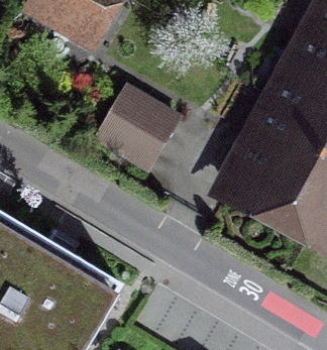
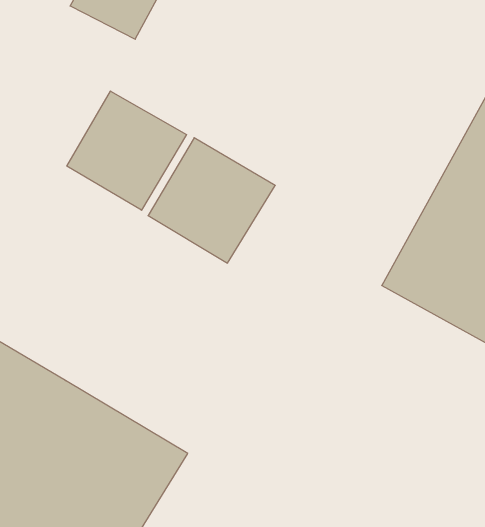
building: none -> [67,91,187,210]

